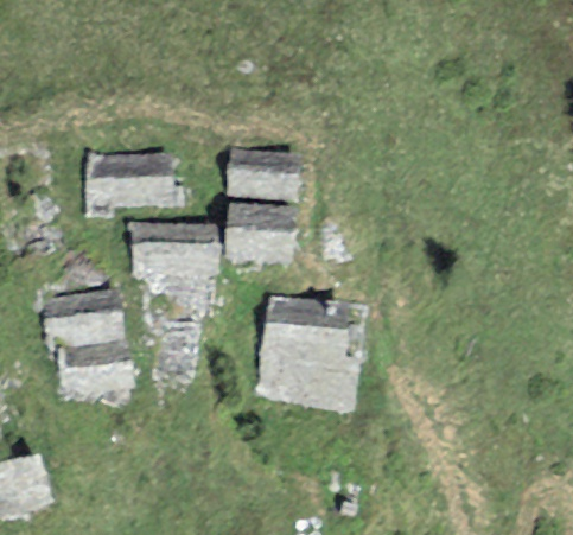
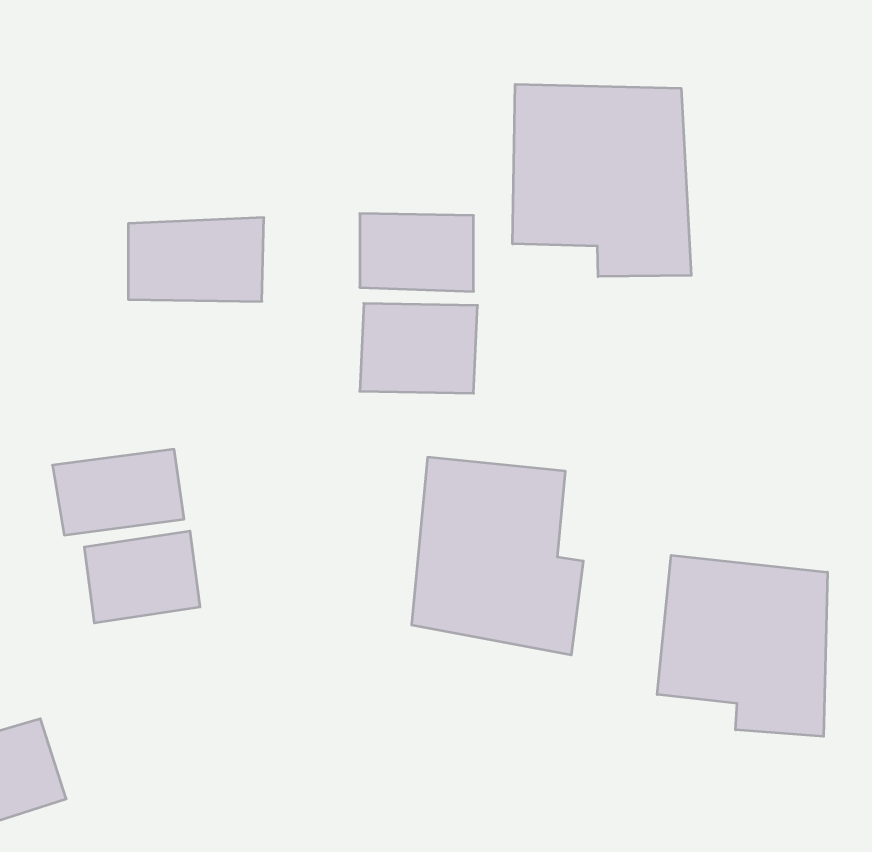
building: none -> [513,84,691,277]
building: [134,223,216,276] -> none
building: none -> [657,555,827,736]

